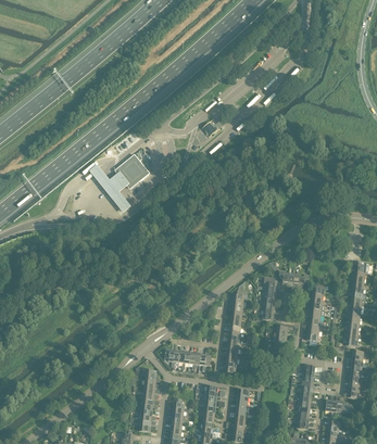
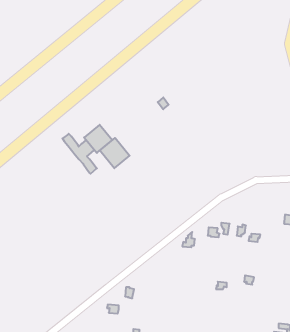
building: none -> [100,138,130,168]

